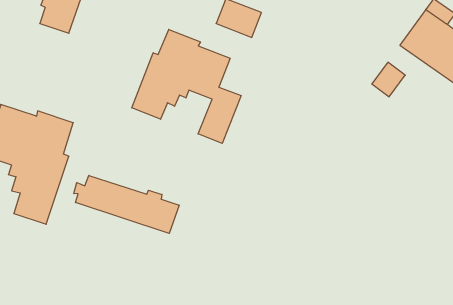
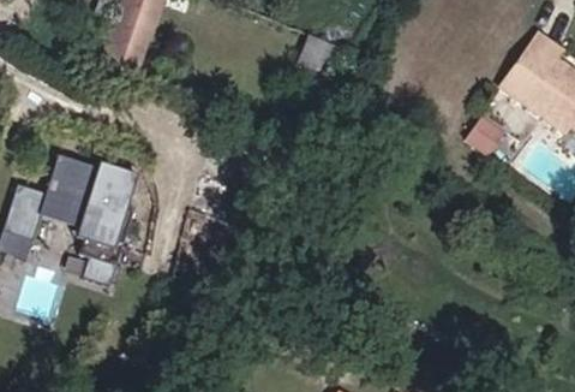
building: [132,29,241,143] -> none
building: [74,175,179,233] -> none

